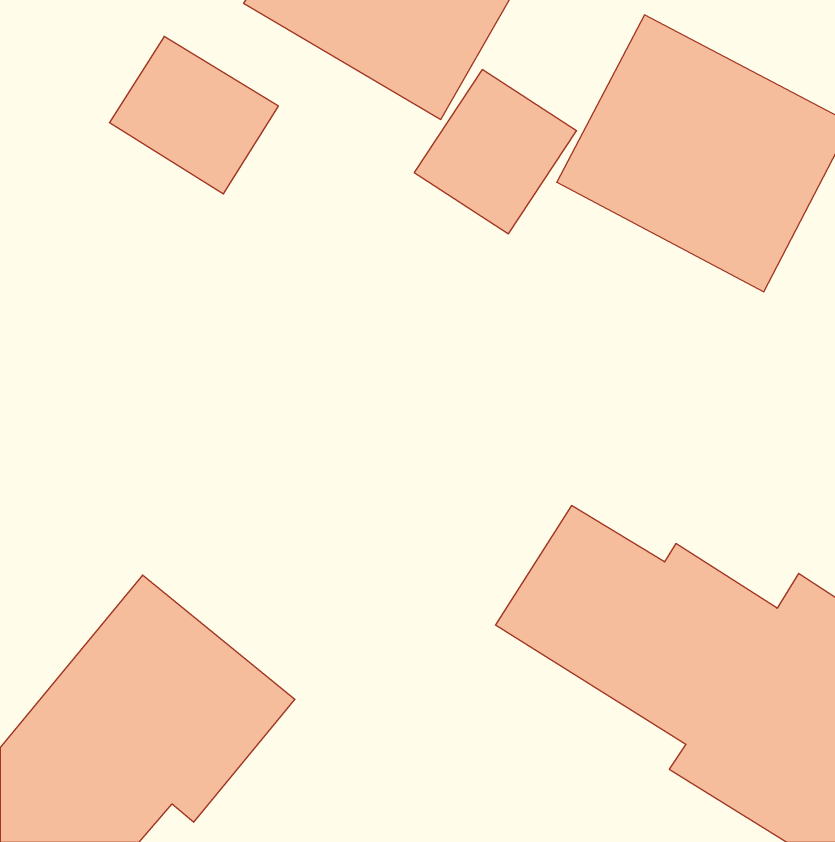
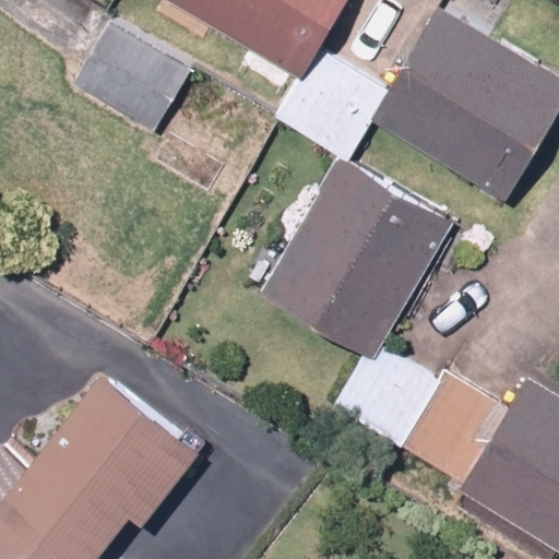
building: none -> [262,160,442,355]

